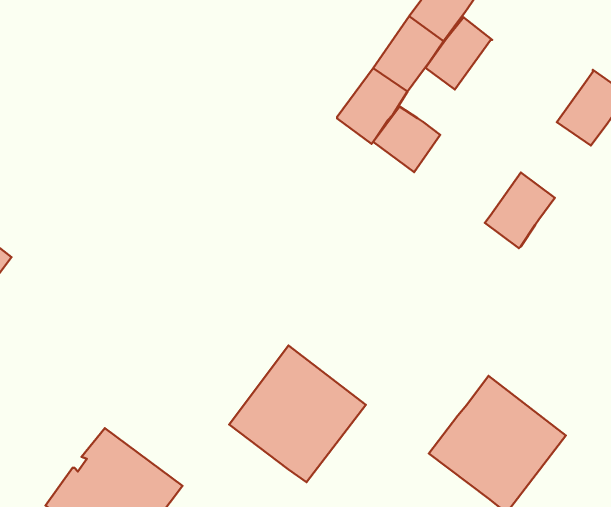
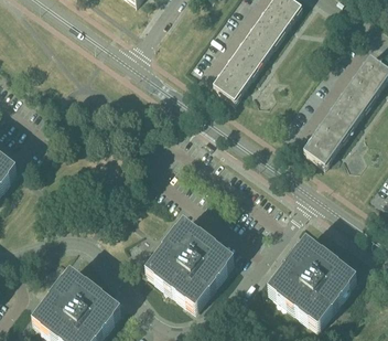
building: [425,17,492,89] -> none
building: [373,106,440,172] -> none
building: none -> [326,87,369,134]

